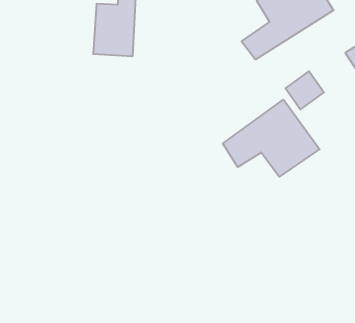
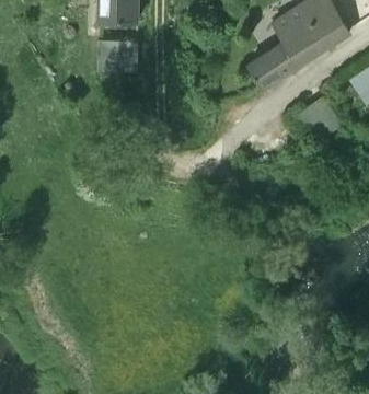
building: [223,100,320,177] -> none

